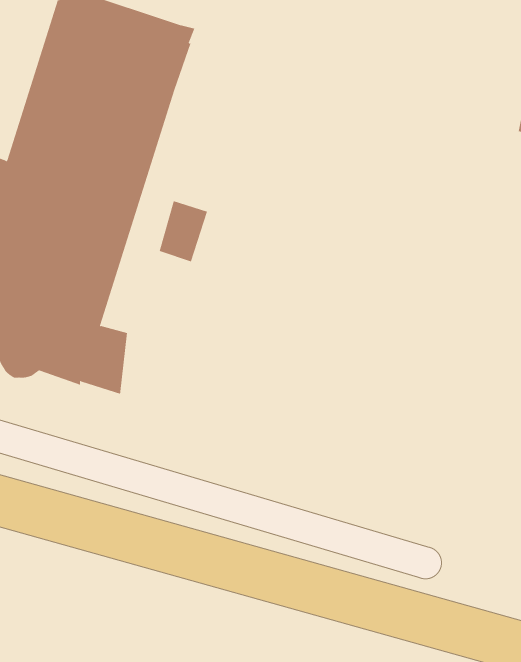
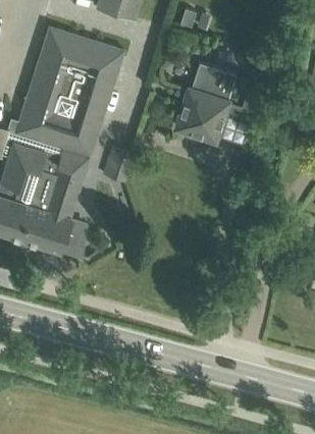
building: none -> [175,64,234,140]

